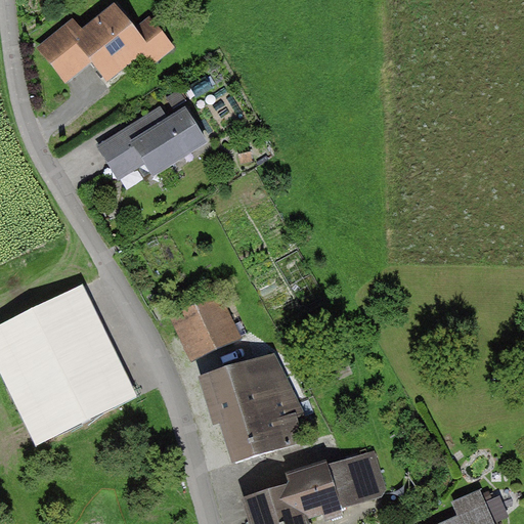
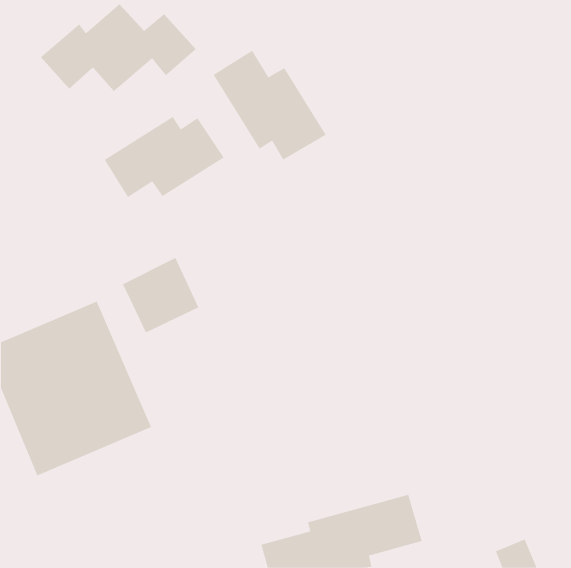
building: none -> [213,50,327,160]
building: [170,295,241,364] -> [122,257,199,333]
building: [194,353,306,462] -> none

